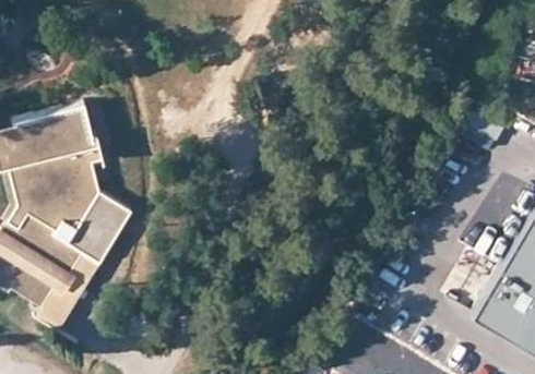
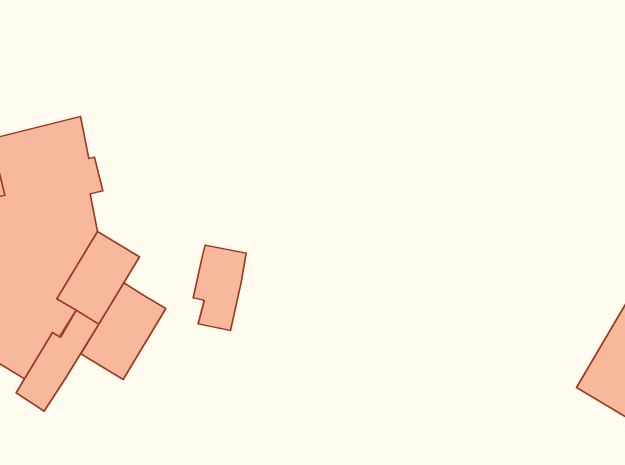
building: none -> [193,245,246,331]
building: none -> [81,283,166,380]

